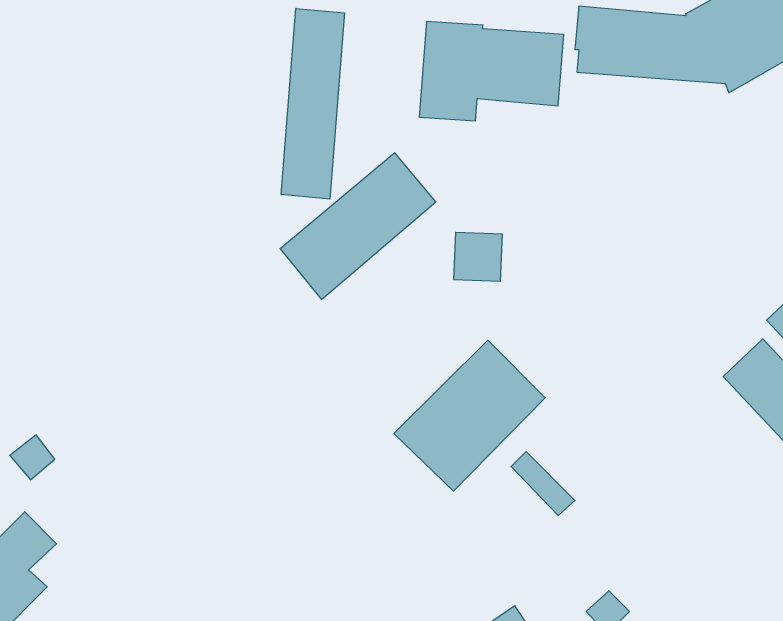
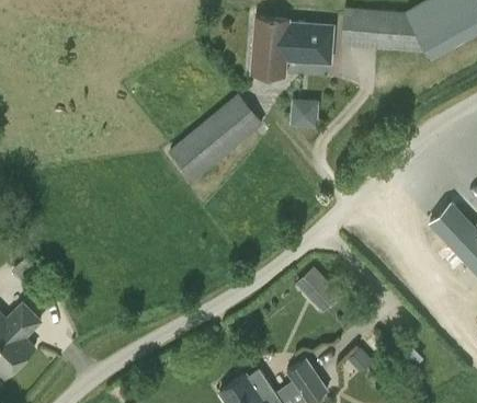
building: [281,8,345,199] -> none
building: [454,232,502,281] -> [293,97,321,126]
building: [394,340,545,491] -> none

